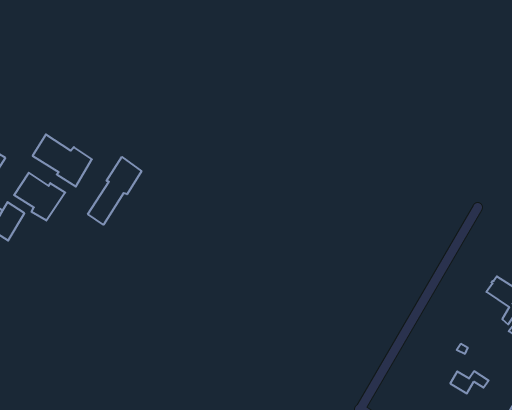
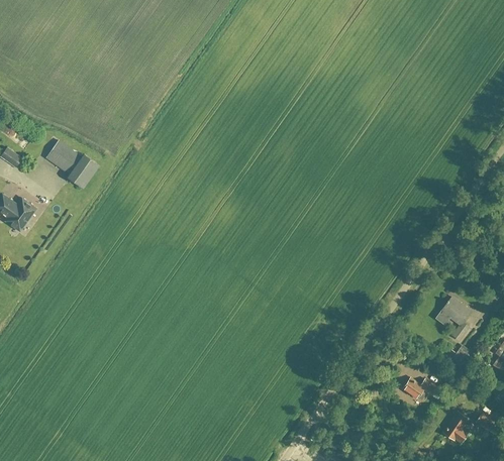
building: [88,157,141,225] -> none
building: [14,173,65,221] -> none

